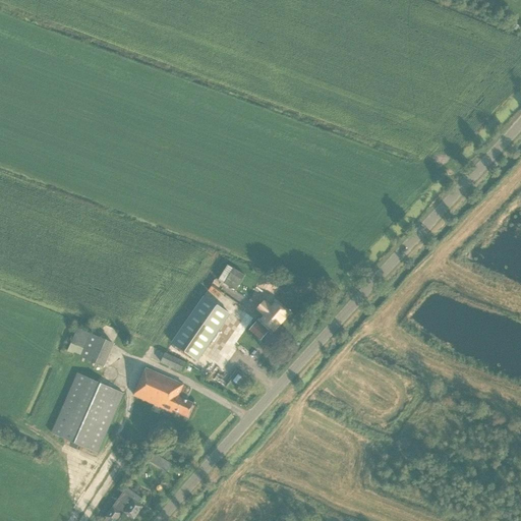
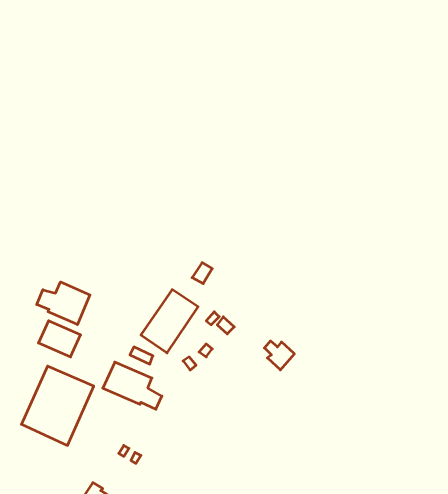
building: none -> [37,282,90,325]
building: [257,303,288,333] -> [264,341,294,370]

